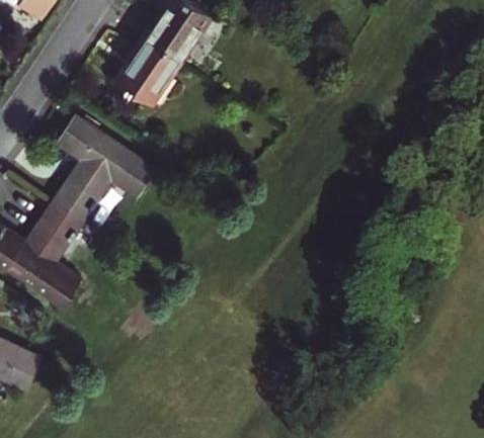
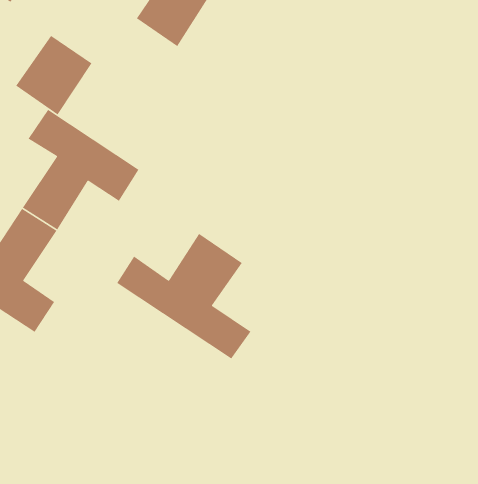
building: [118,37,184,106] -> [15,35,93,116]
building: none -> [116,233,251,360]

